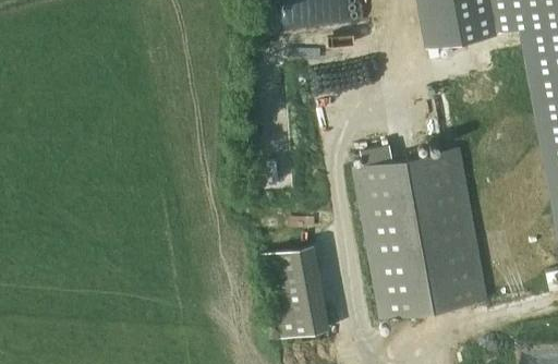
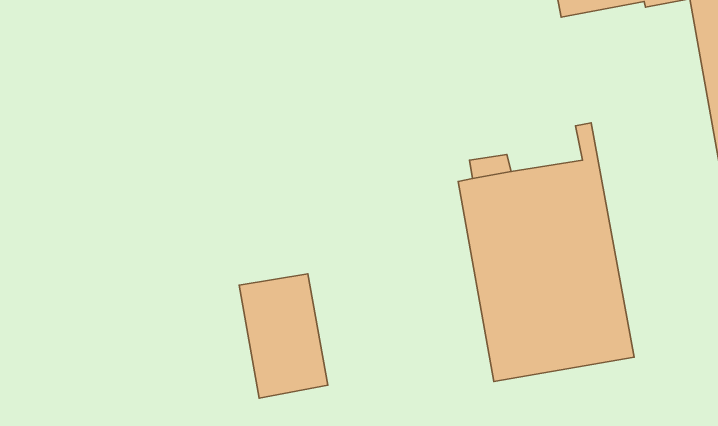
building: [262,248,329,343] -> [239,274,328,398]

